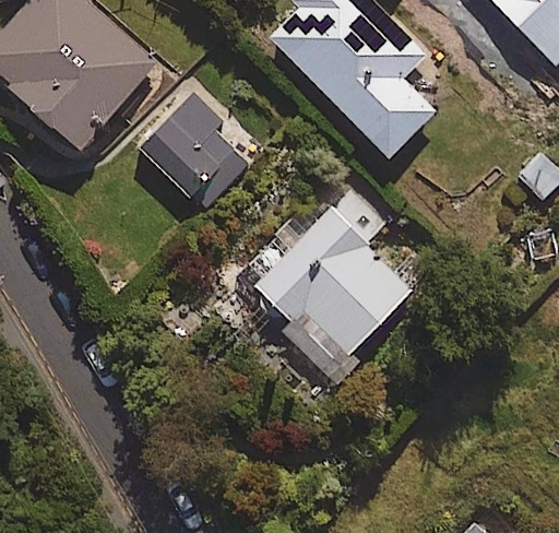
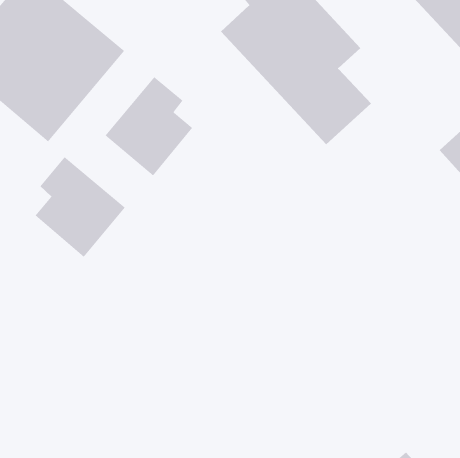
building: none -> [35,156,126,258]
building: [250,192,415,375] -> none

